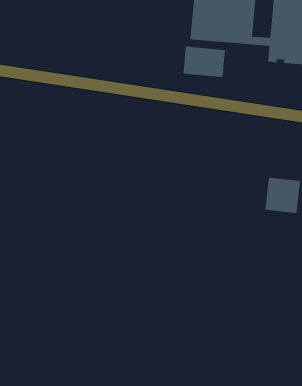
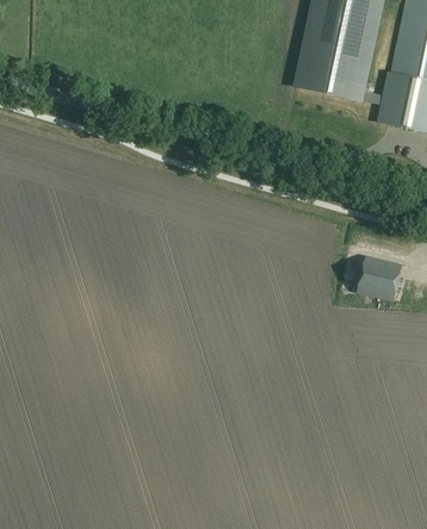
building: [183,46,225,78] -> none

